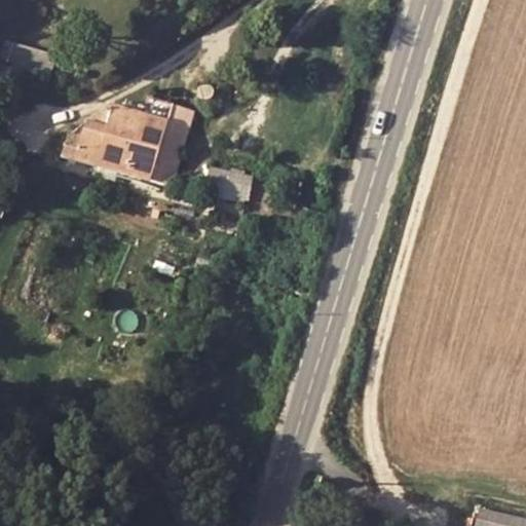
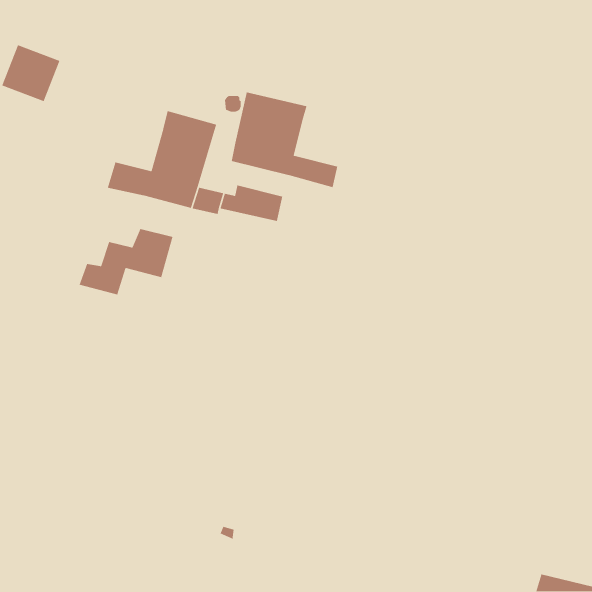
building: none -> [231,91,338,188]
building: [61,107,145,166] -> [78,228,174,296]

